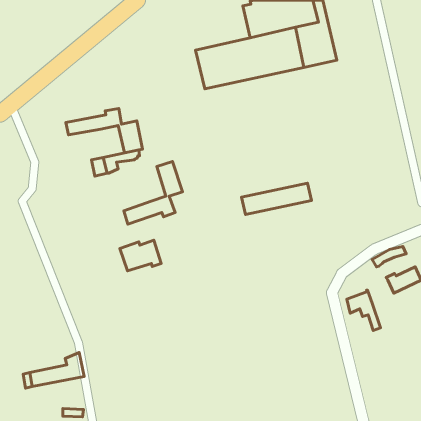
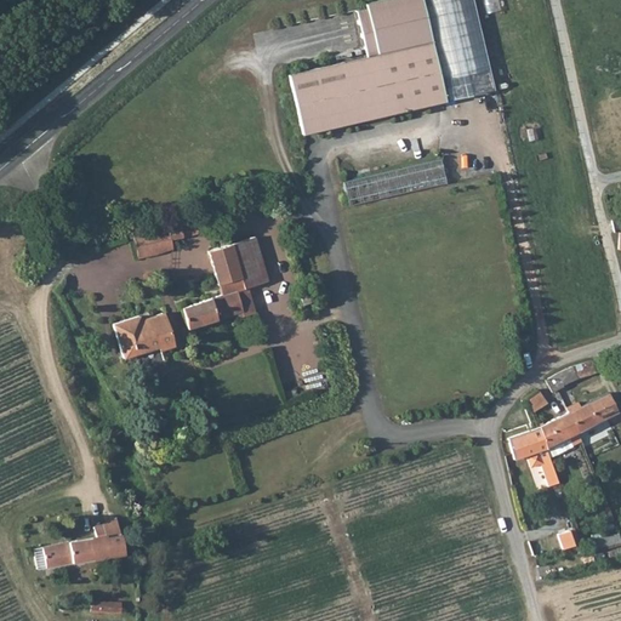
building: [66,109,143,153] -> none
building: none -> [210,245,245,296]
building: [241,183,312,215] -> [346,158,449,204]
building: [120,240,161,271] -> [114,313,175,358]
building: none -> [541,412,580,446]

